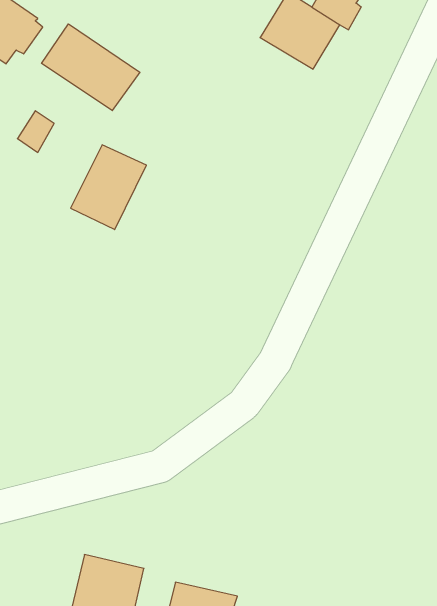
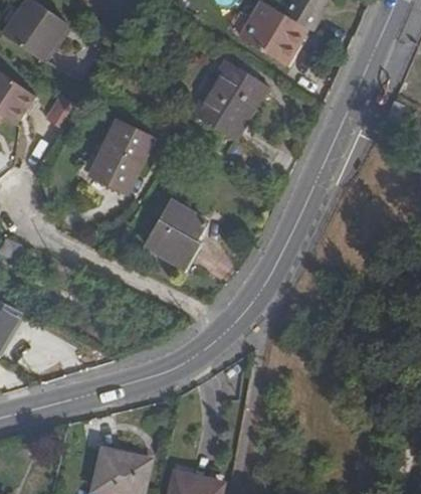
building: [42,24,140,111] -> none
building: none -> [190,58,266,139]
building: none -> [145,200,203,266]

